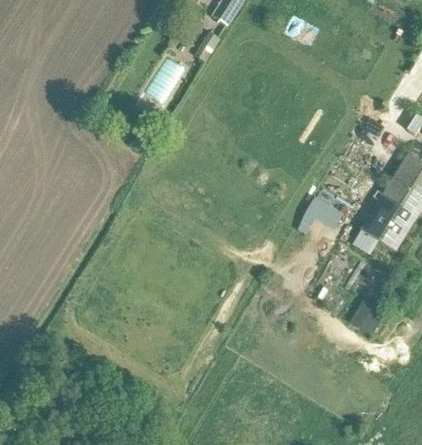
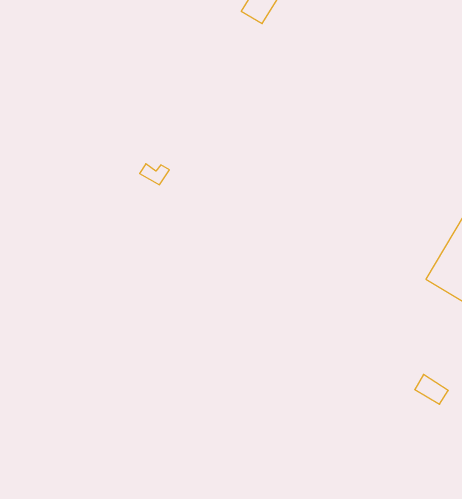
building: [299,191,346,229] -> none

